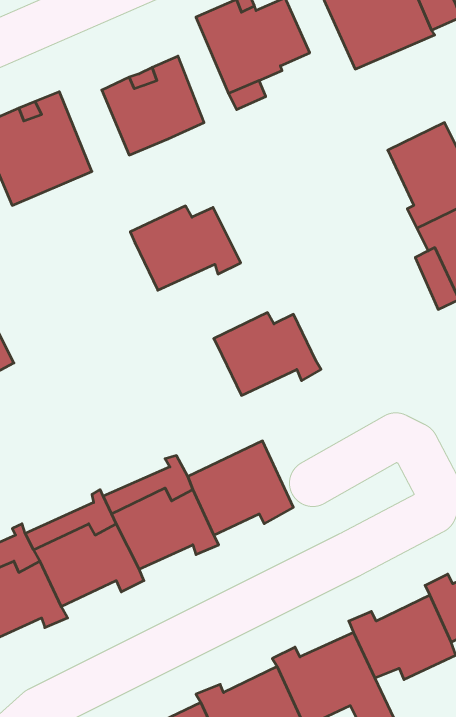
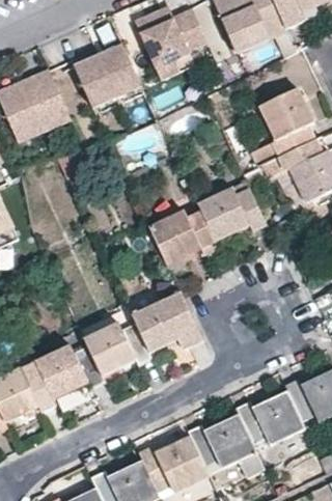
building: [130,206,241,290] -> [196,187,267,241]

